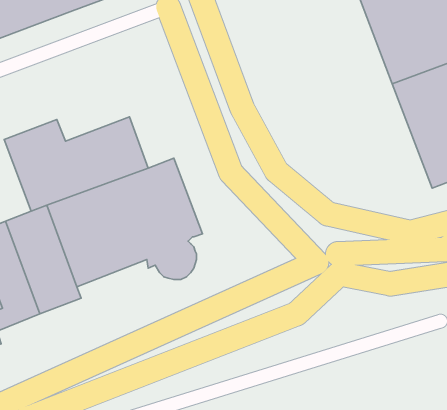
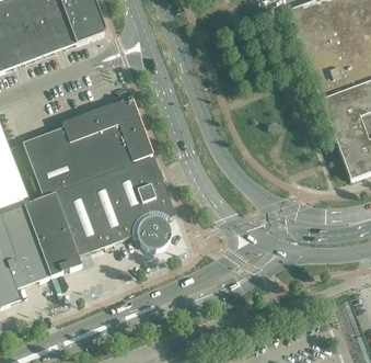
building: none -> [62,95,153,163]

